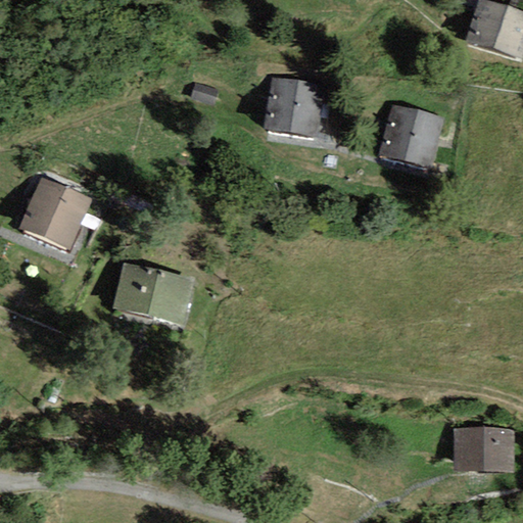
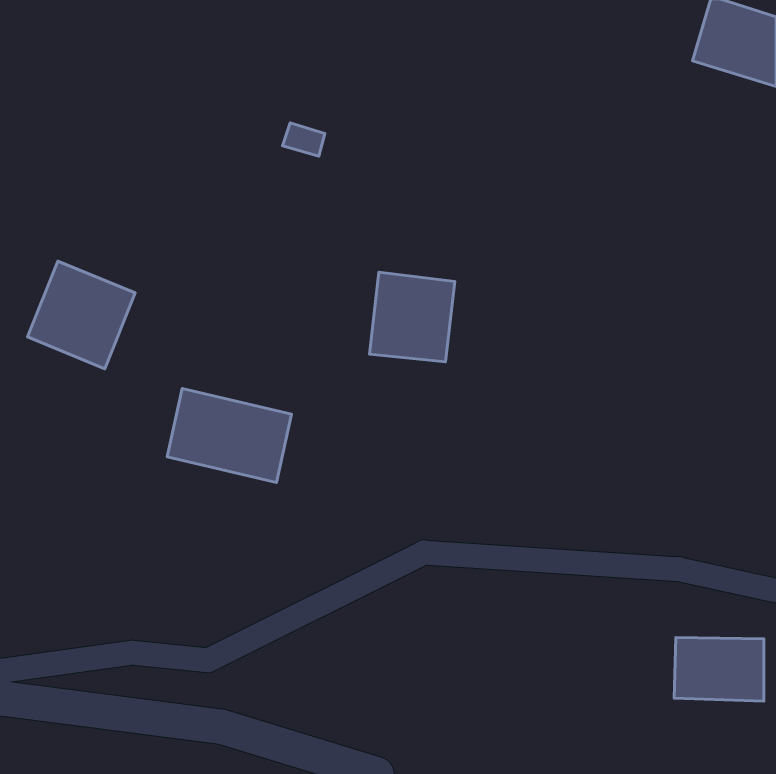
building: [265,77,322,137] -> [370,272,455,362]
building: [379,105,444,165] -> none

